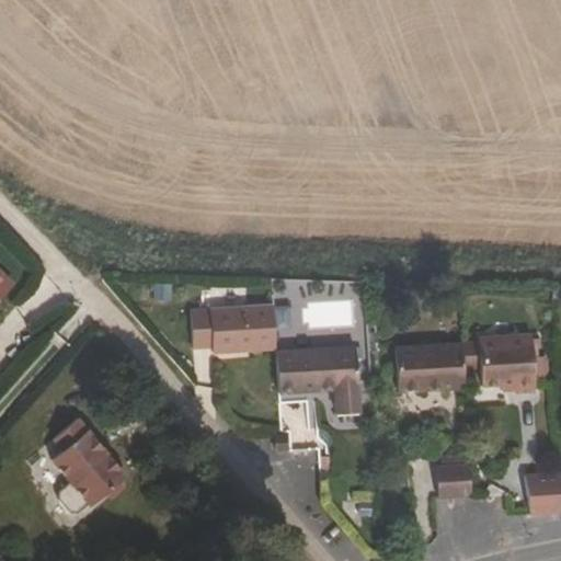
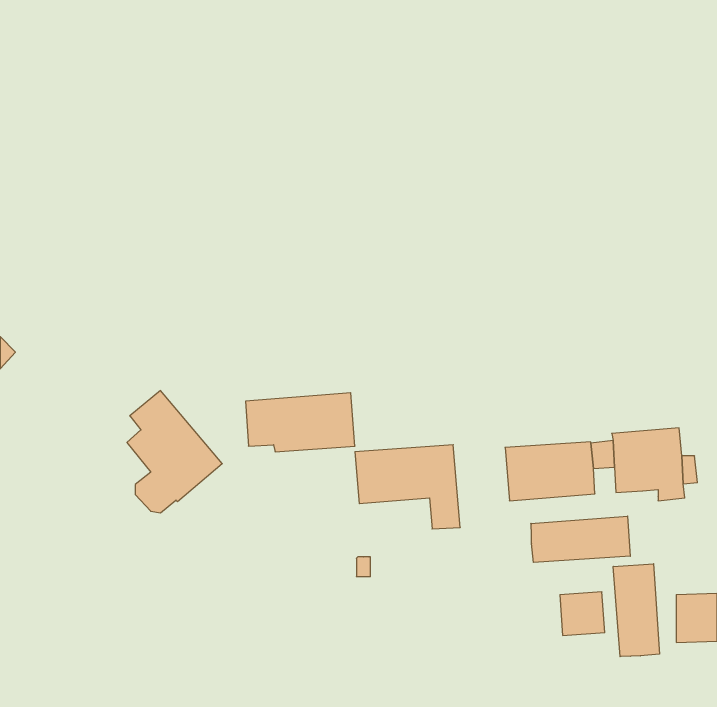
building: none -> [531,516,630,562]
building: [49,412,124,507] -> [127,391,222,513]
building: none -> [613,564,659,657]

